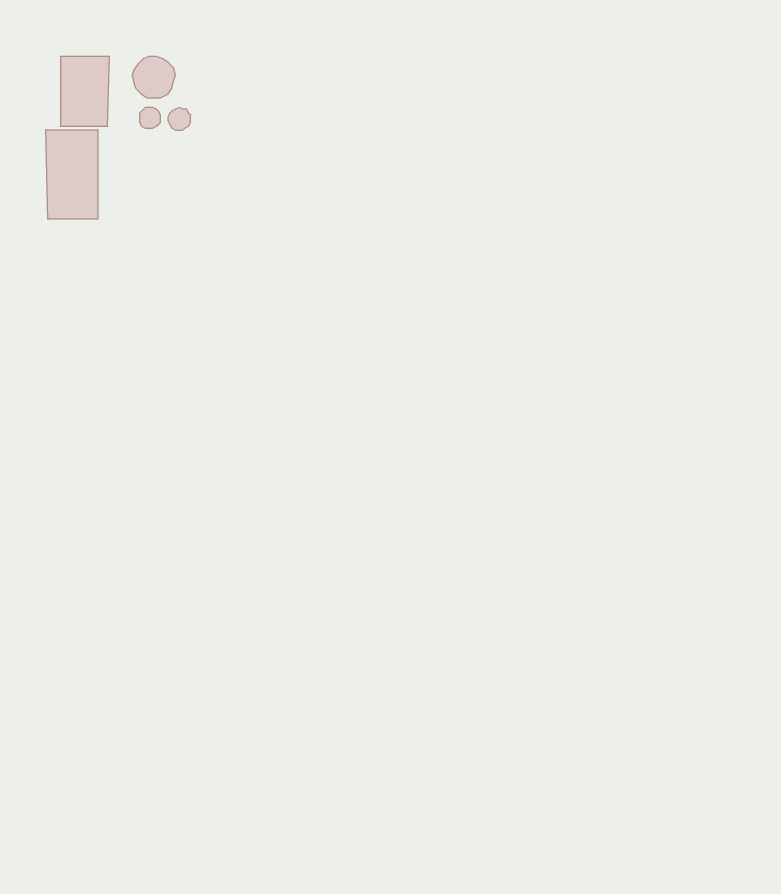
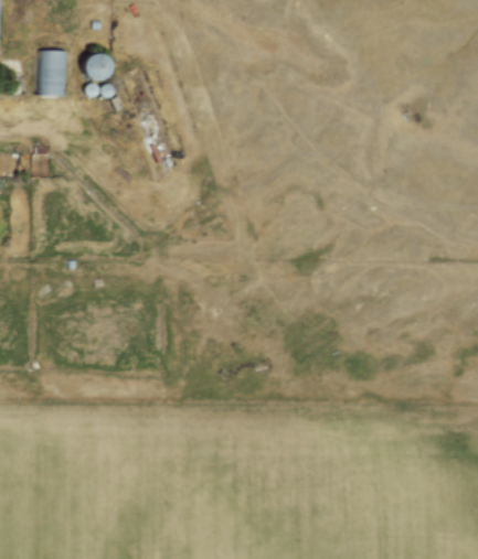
building: [46,130,98,219] -> none

